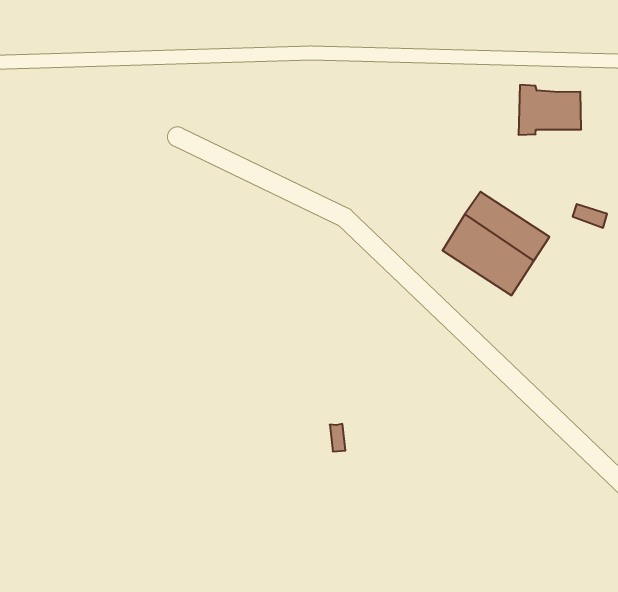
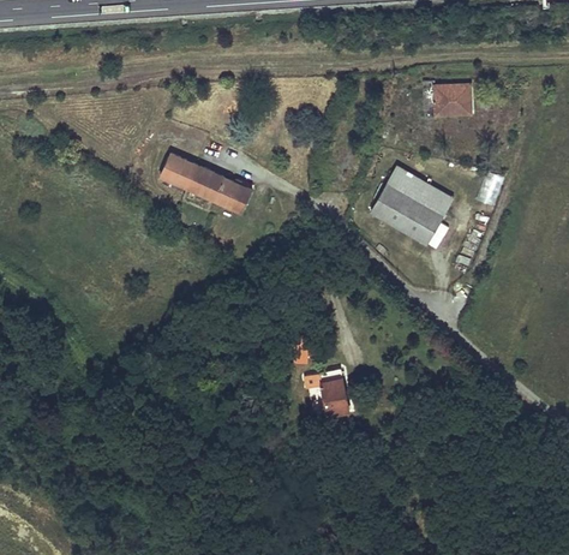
building: none -> [161,154,252,211]
building: none -> [313,369,349,414]

